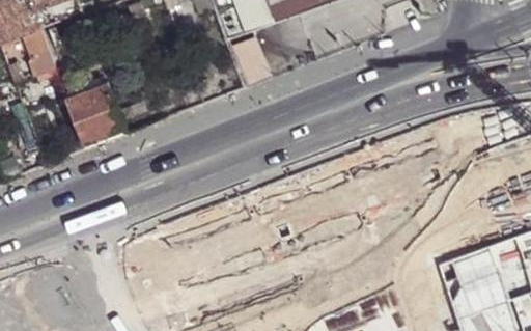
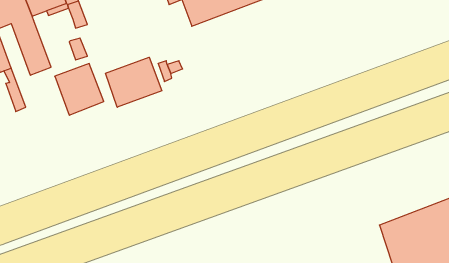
building: none -> [106,57,162,107]

